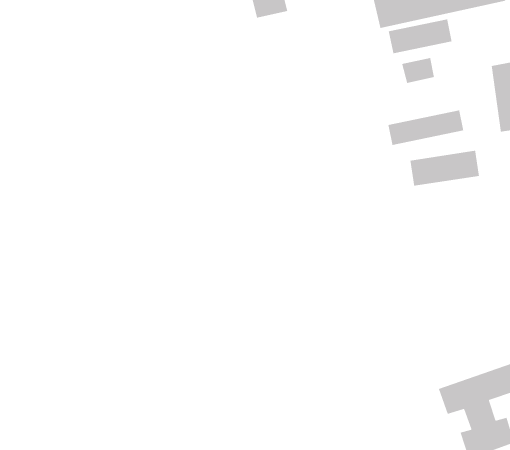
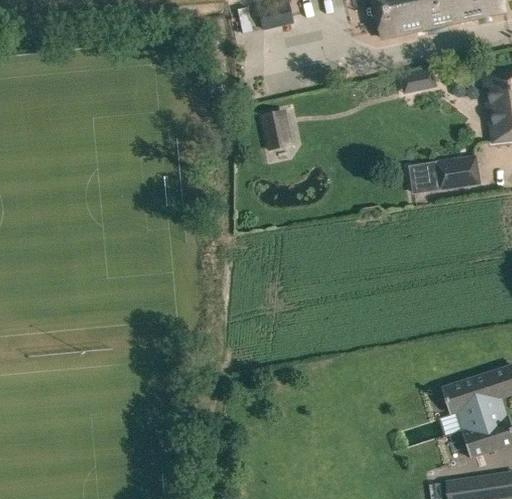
building: [388,19,453,54] -> none
building: none -> [265,109,290,149]
building: [387,109,464,146] -> none

